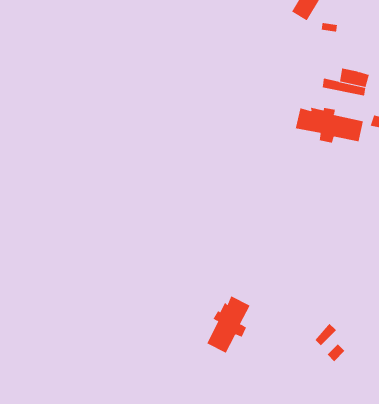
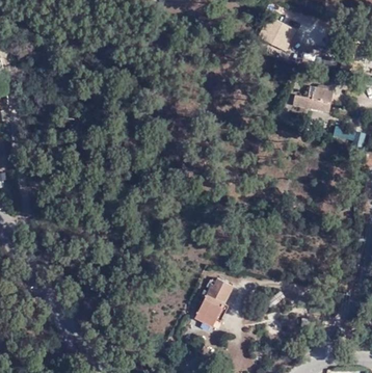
building: [295,107,364,144] -> none

